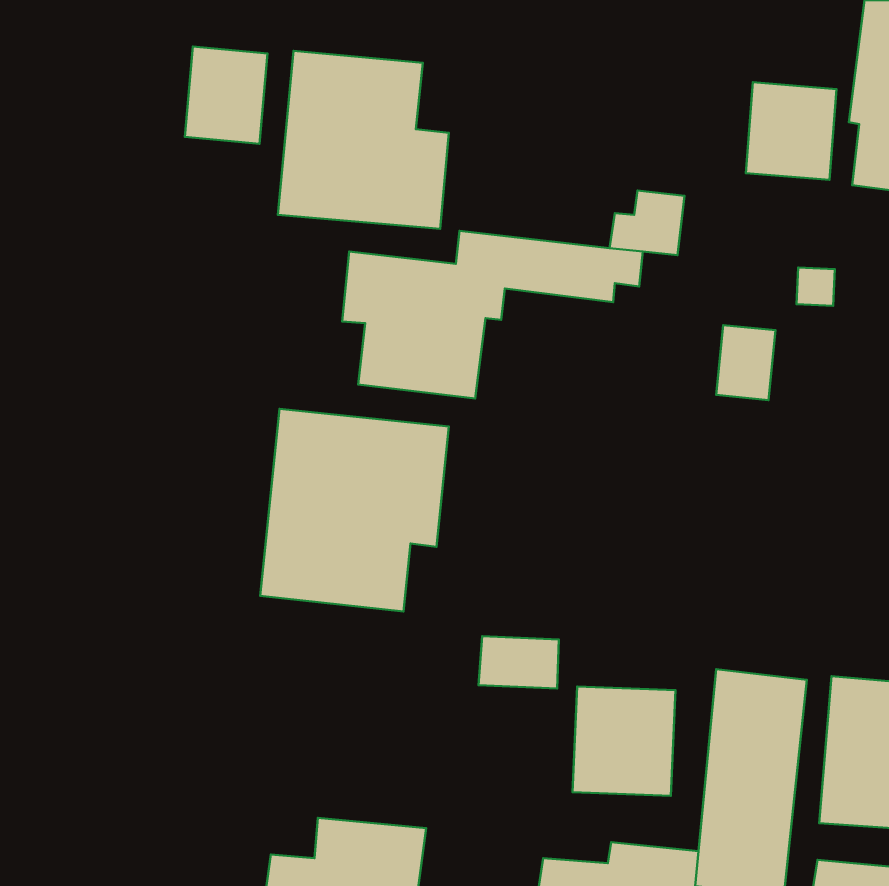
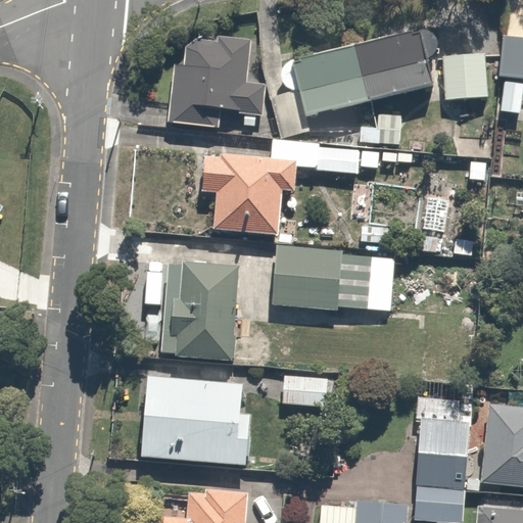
building: none -> [273,28,427,137]
building: [185,46,268,144] -> none
building: none -> [273,246,414,317]
building: none -> [142,377,251,465]
building: [572,687,676,796] -> none

